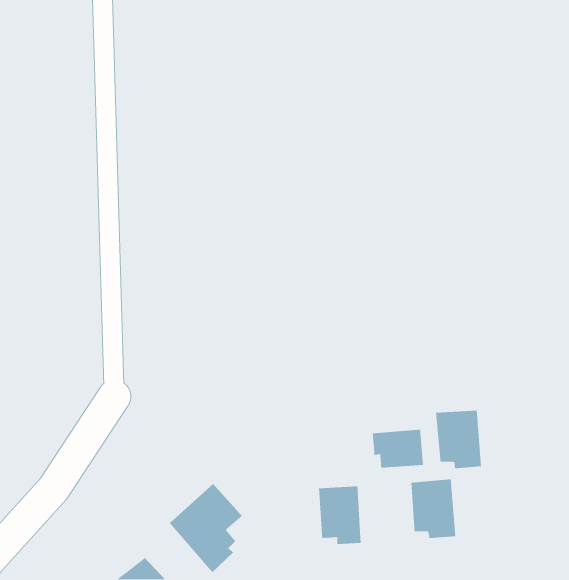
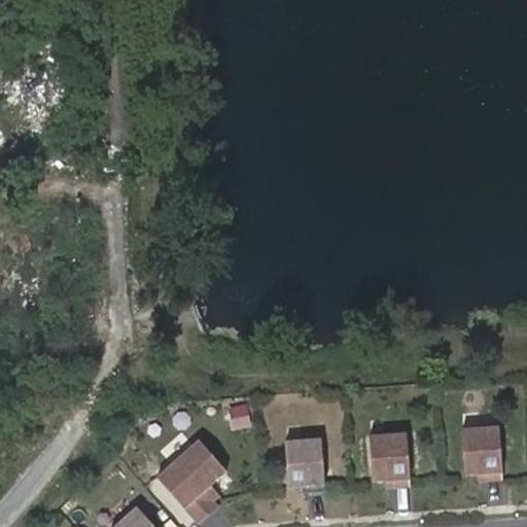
building: [435,410,482,469] -> [462,426,504,480]
building: [372,429,424,468] -> none

